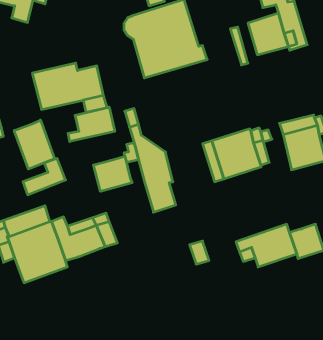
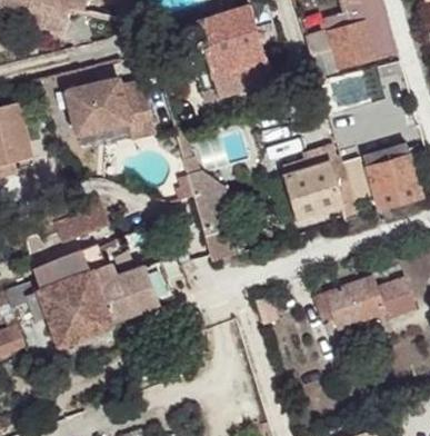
building: [68,107,115,142] -> none
building: [14,120,55,169] -> none
building: [93,156,132,191] -> none

